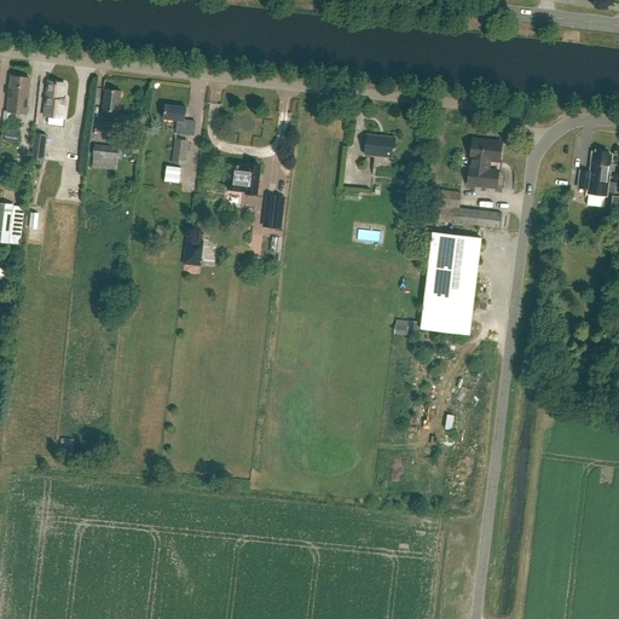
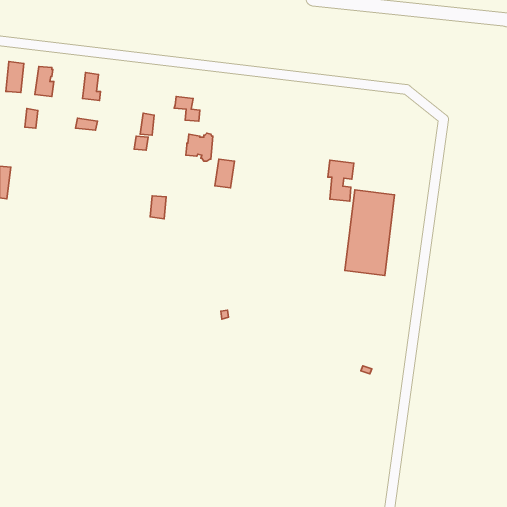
building: [162,104,193,134] -> [174,96,200,121]
building: [364,134,394,157] -> none
building: [469,138,501,187] -> [328,160,354,201]
building: [577,150,609,195] -> none

